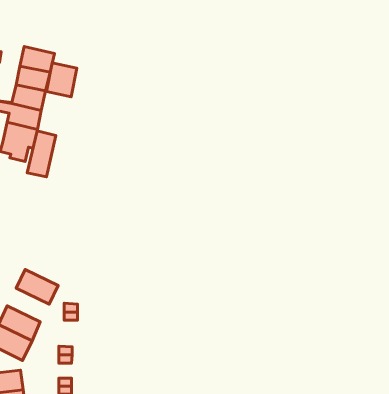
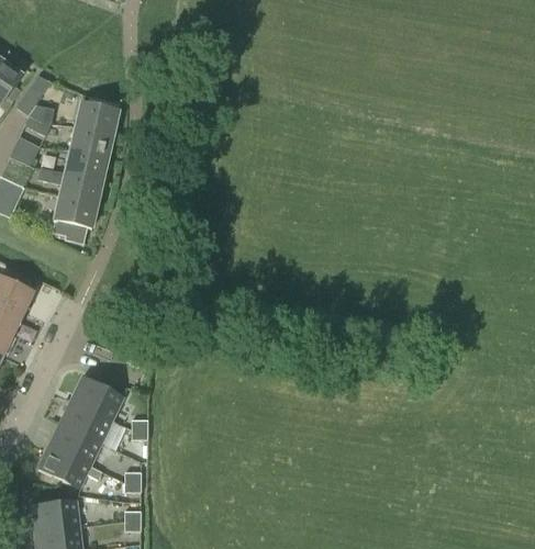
building: [46,63,77,97] -> none
building: [27,131,56,177] -> none
building: none -> [60,400,112,441]

